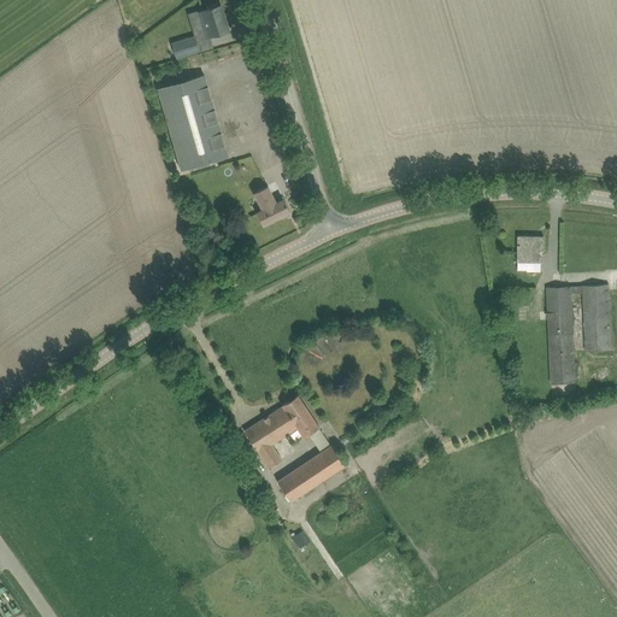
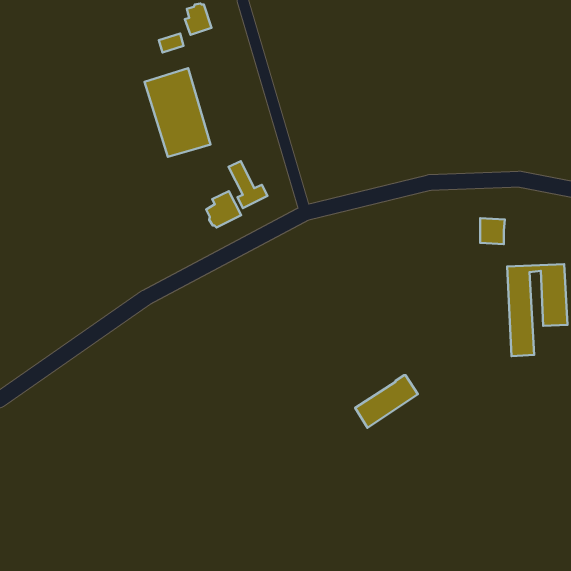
building: none -> [206,191,241,227]
building: [243,396,317,469] -> none
building: [276,446,343,503] -> [355,375,418,428]

